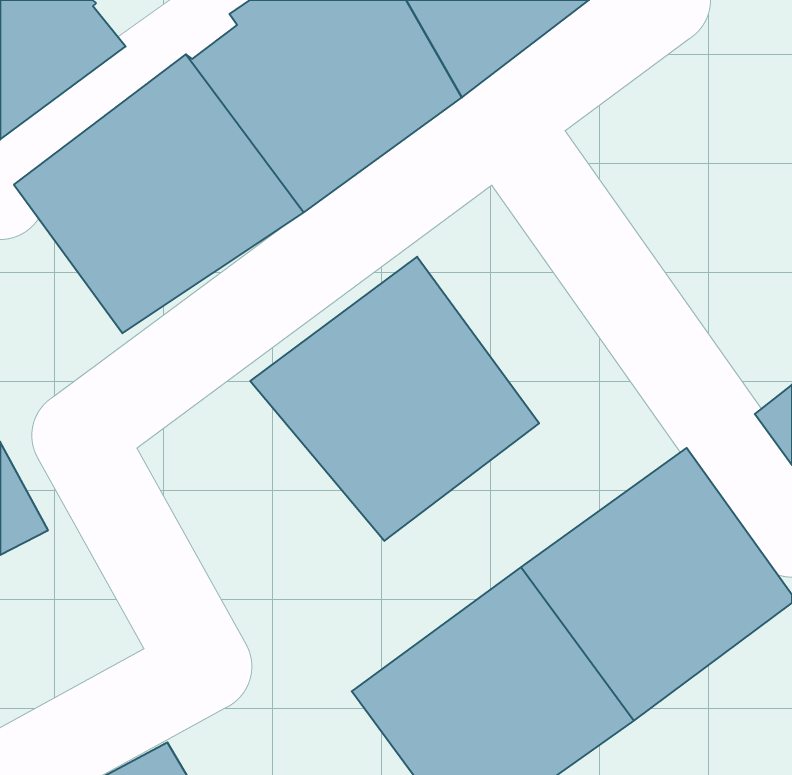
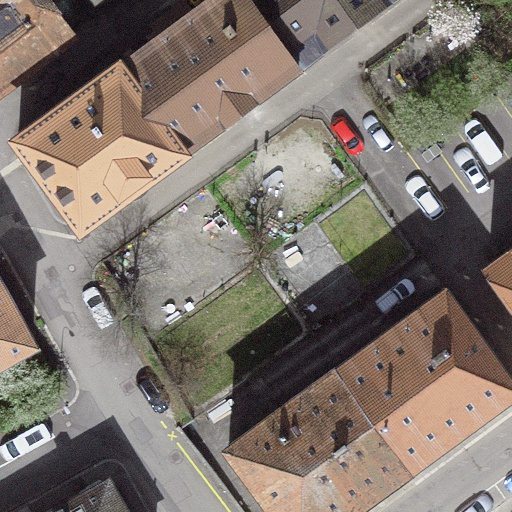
building: [250,257,539,541] -> none

